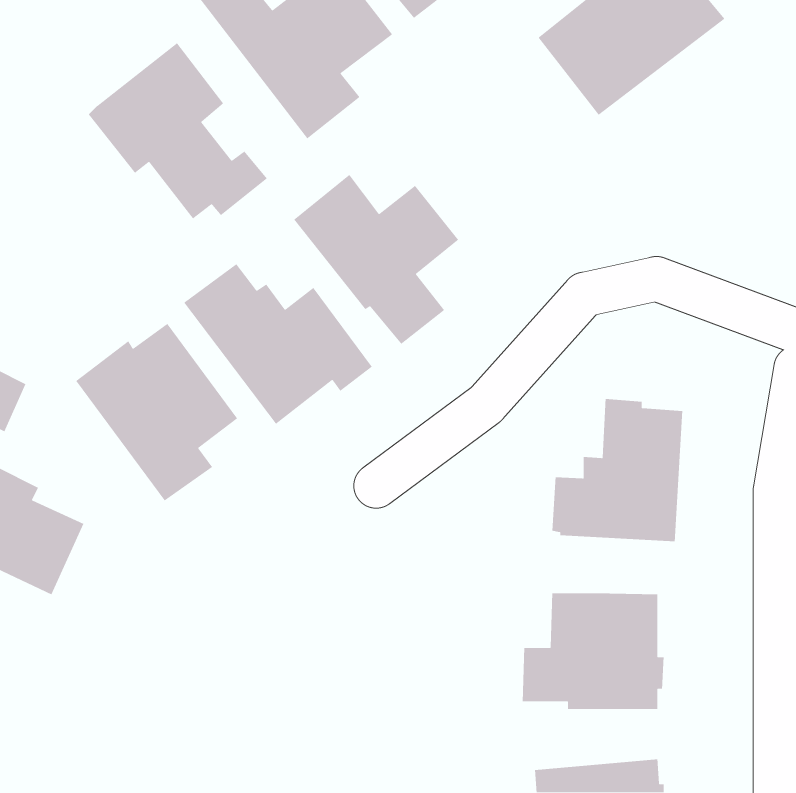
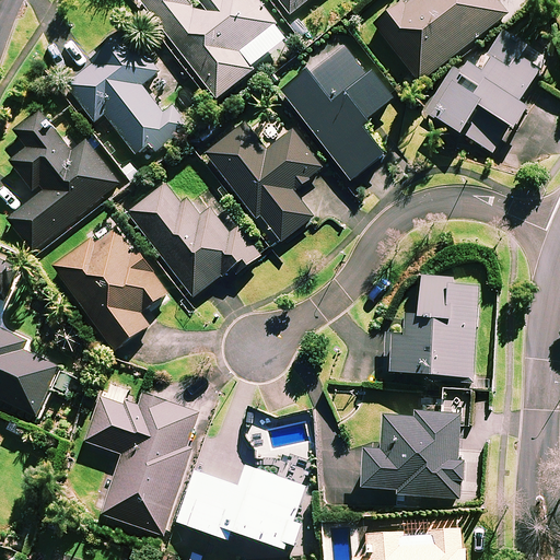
building: none -> [423,30,538,152]
building: none -> [282,46,390,179]
building: none -> [5,107,117,252]
building: none -> [85,383,198,534]
building: none -> [175,468,304,549]

